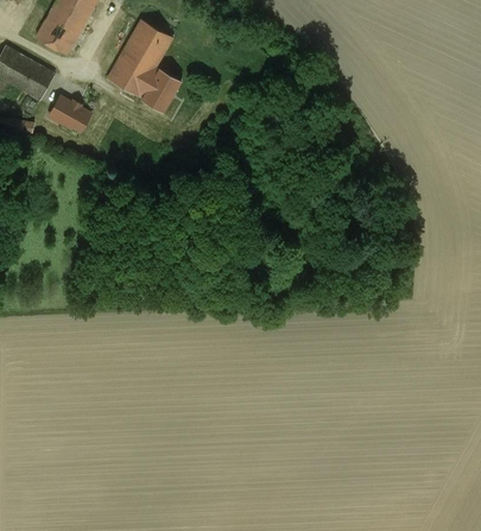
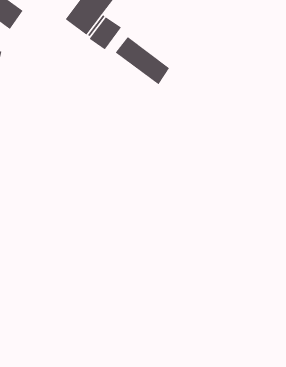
building: none -> [115,36,170,85]
building: [45,95,91,137] -> none

